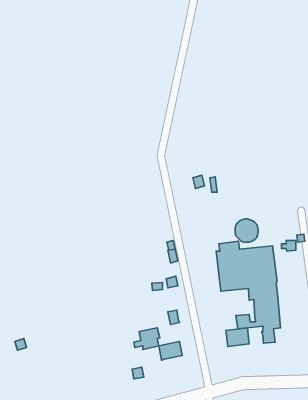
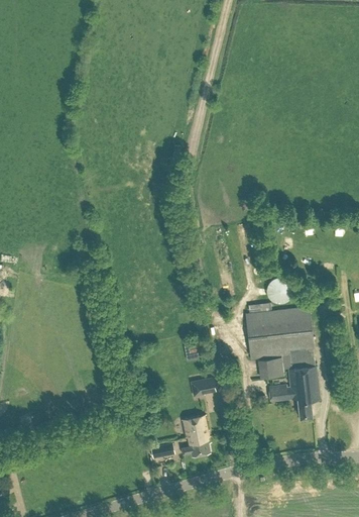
building: [226,328,249,347] -> [258,357,284,379]
building: [134,328,160,349] -> [182,432,211,456]

